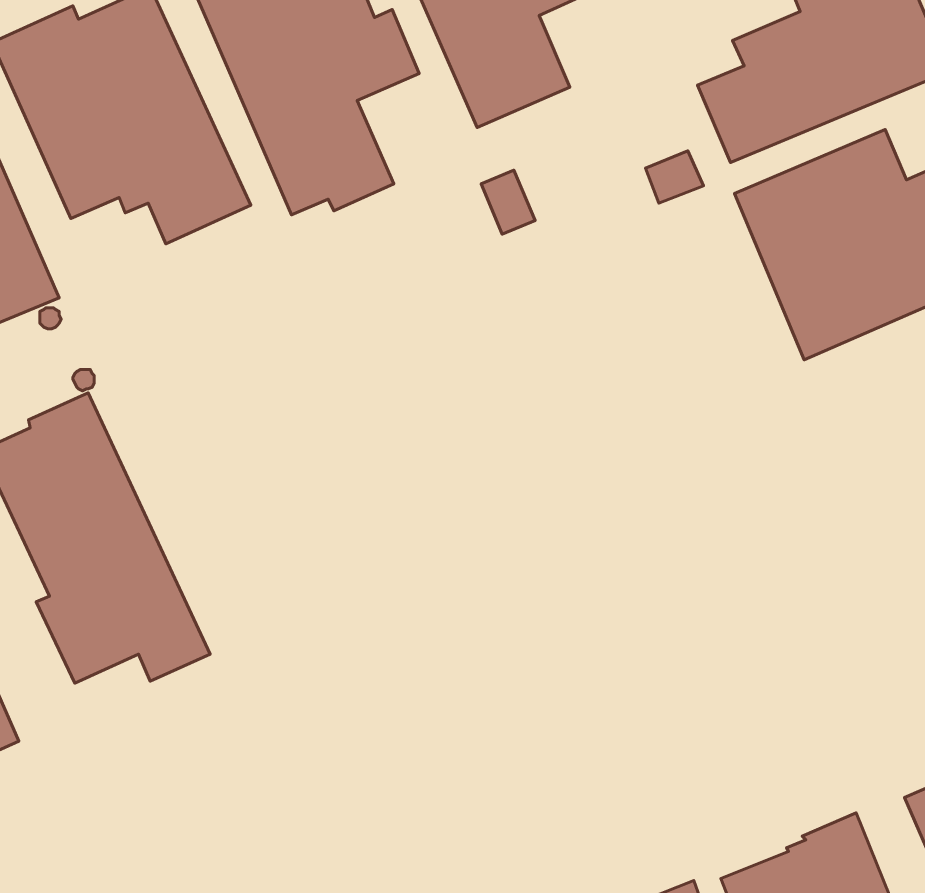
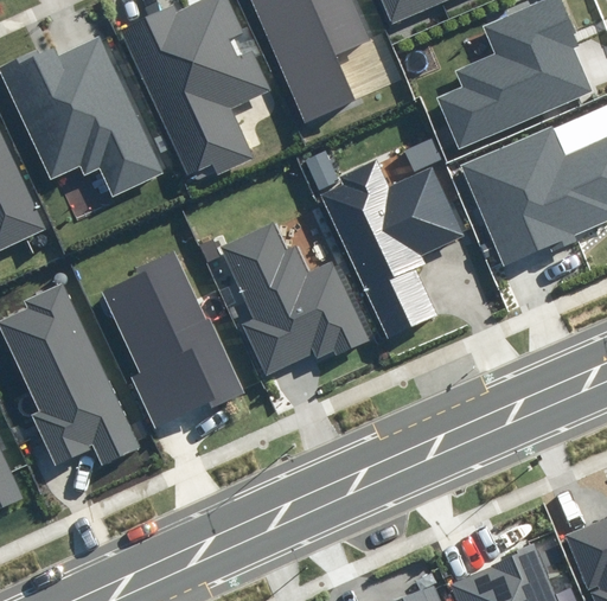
building: none -> [321,161,464,340]
building: none -> [221,224,366,377]
building: none -> [102,249,242,433]

